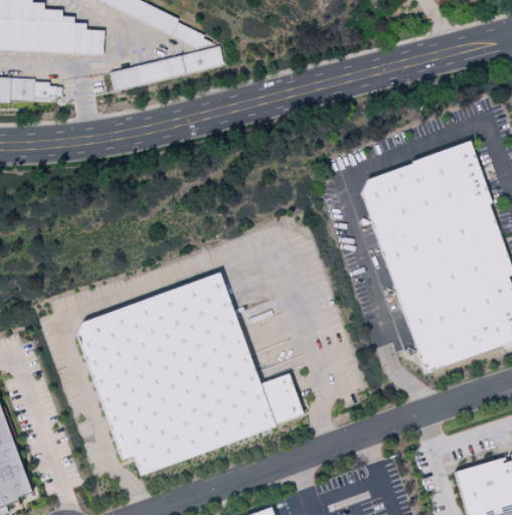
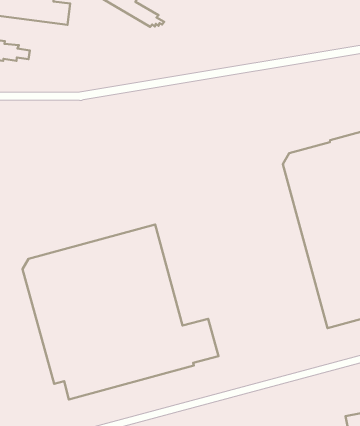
building: [110,45,225,92] -> none

